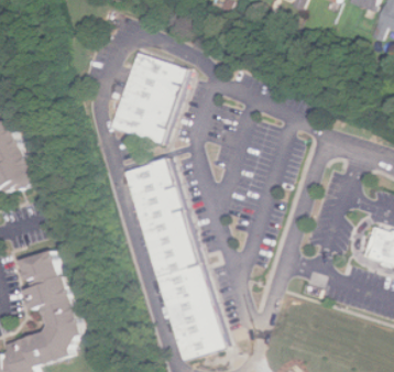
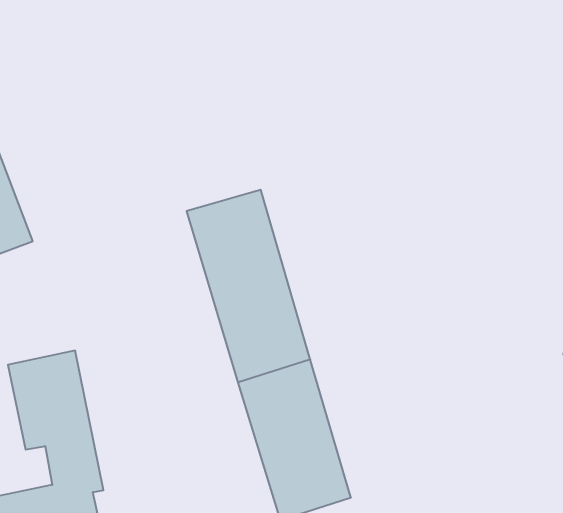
building: [111,48,187,136] -> none

